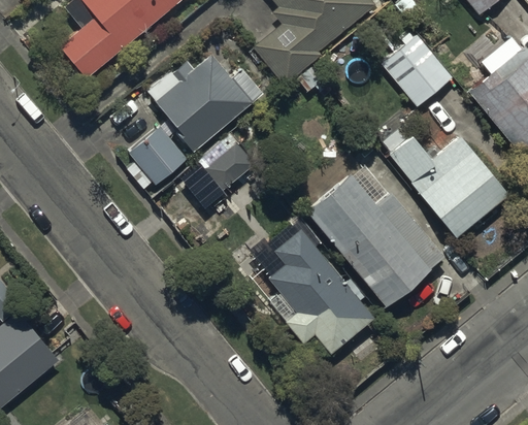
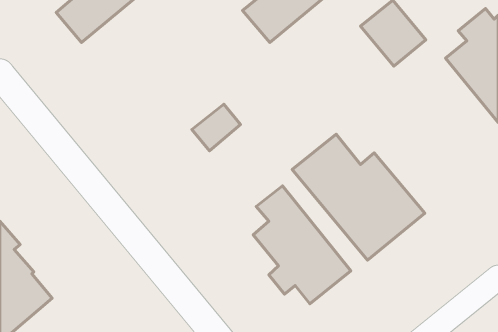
building: [128,54,263,193] -> none
building: [383,130,513,233] -> none

